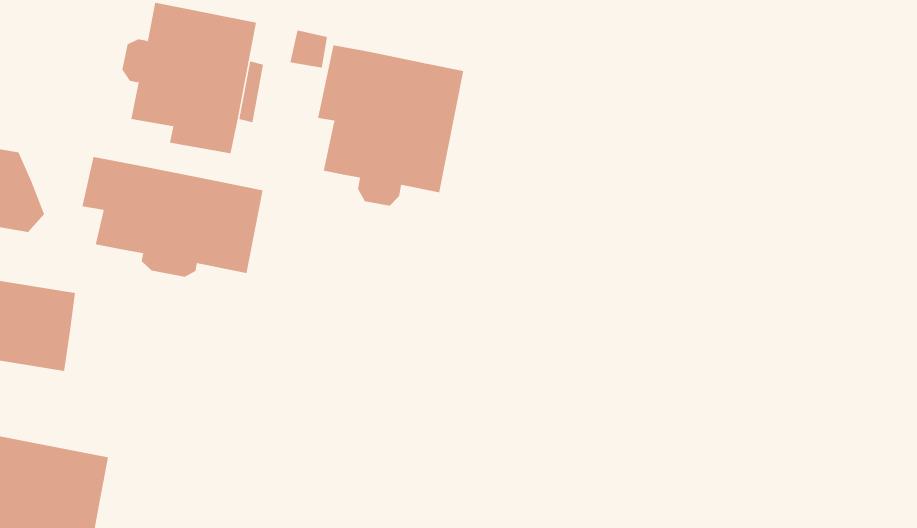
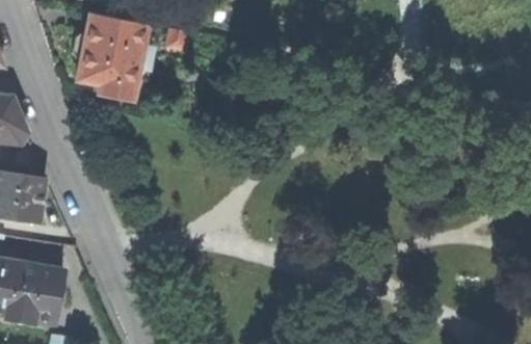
building: [317,45,464,206] -> none
building: [82,156,263,277] -> none

